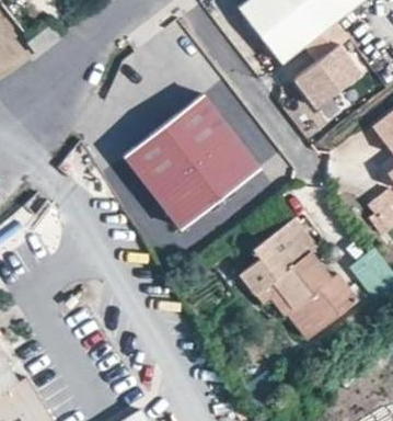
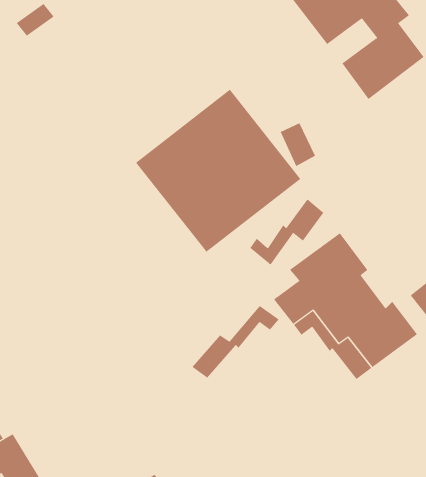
building: none -> [250,198,324,265]
building: none -> [192,305,280,378]

